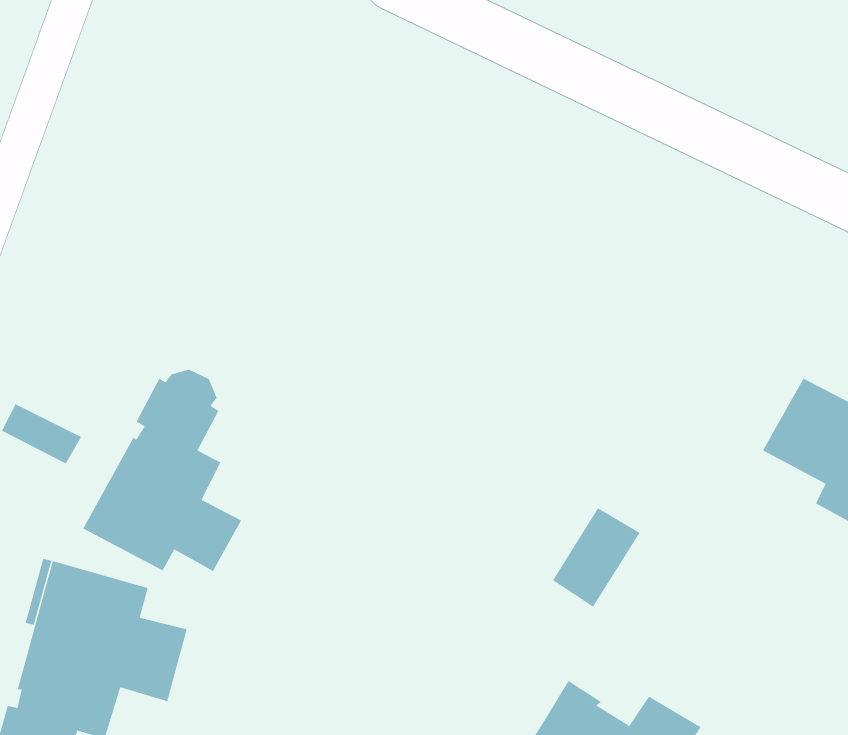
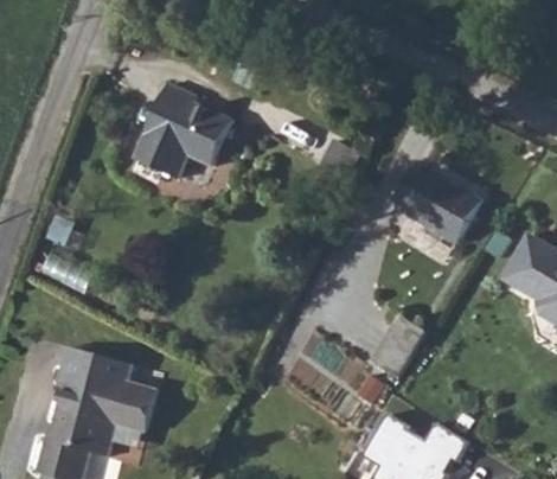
building: none -> [136,81,233,172]
building: none -> [392,171,481,244]
building: [82,369,242,572] -> none

